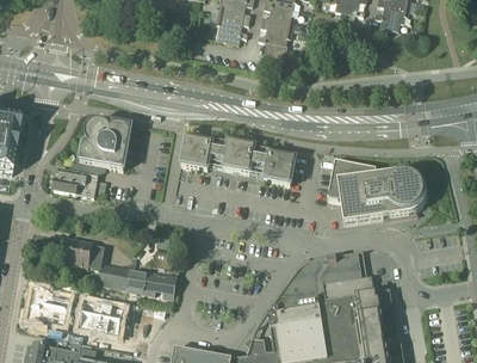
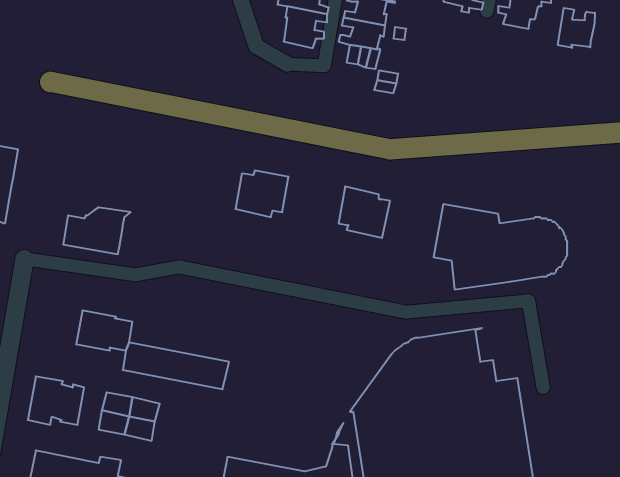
building: none -> [558,8,595,48]
building: [80,121,131,170] -> none
building: [216,140,262,174] -> none

